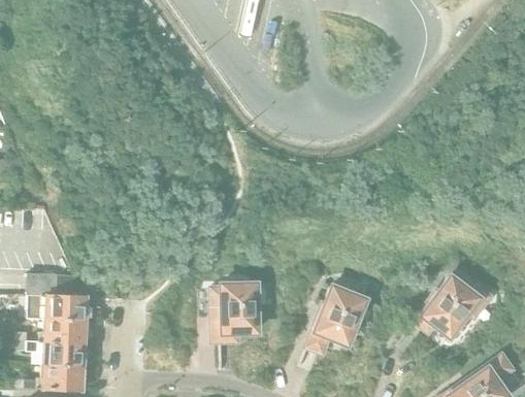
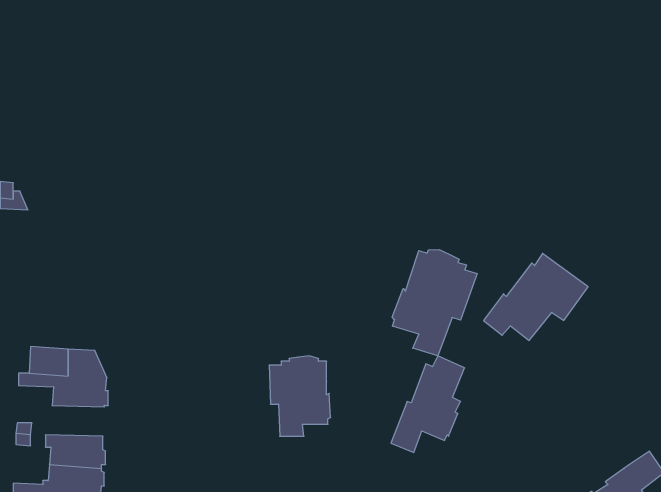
building: none -> [392,250,477,356]
building: [414,271,494,338] -> [484,253,588,341]
building: [39,320,88,343] -> none

